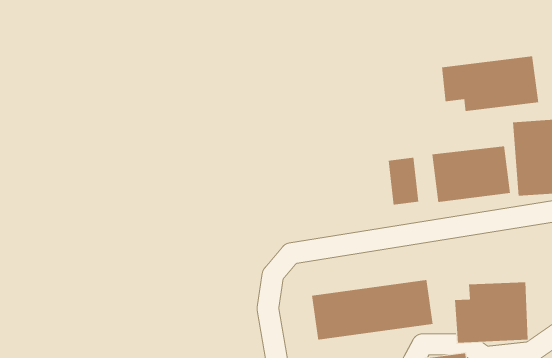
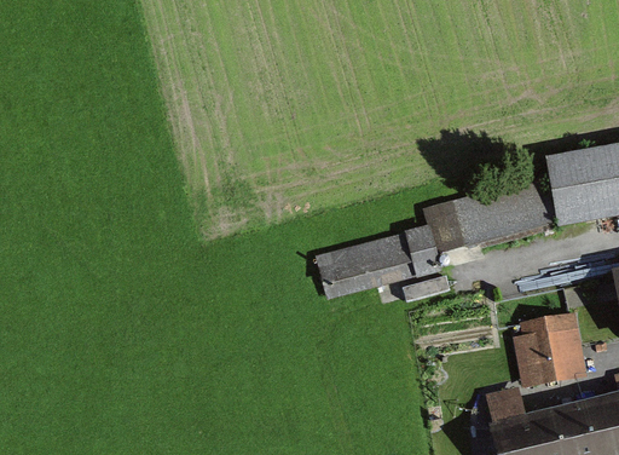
building: [442,56,539,112] -> none
building: [311,279,433,340] -> [318,224,441,295]

